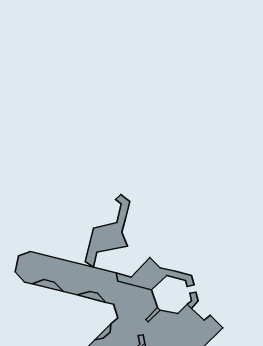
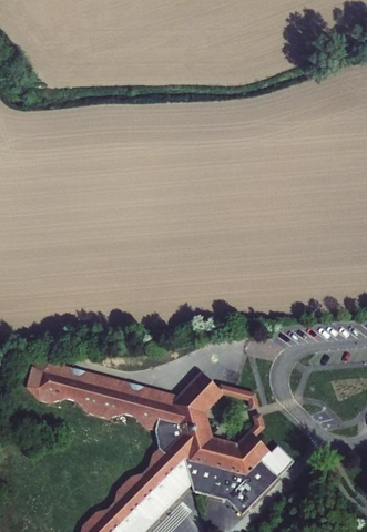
building: [85,195,130,267] -> none

